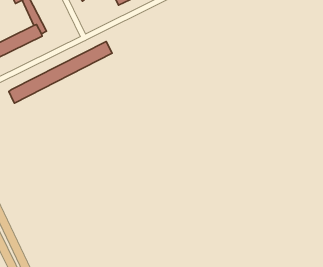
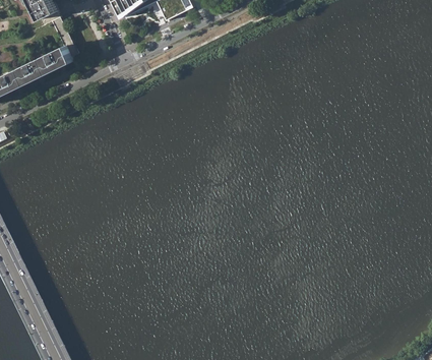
building: [9,42,112,103] -> none

